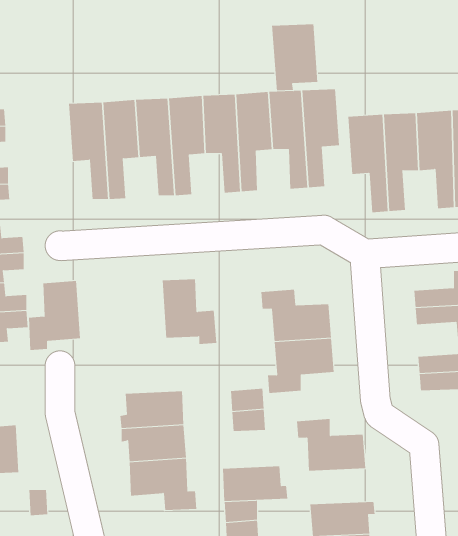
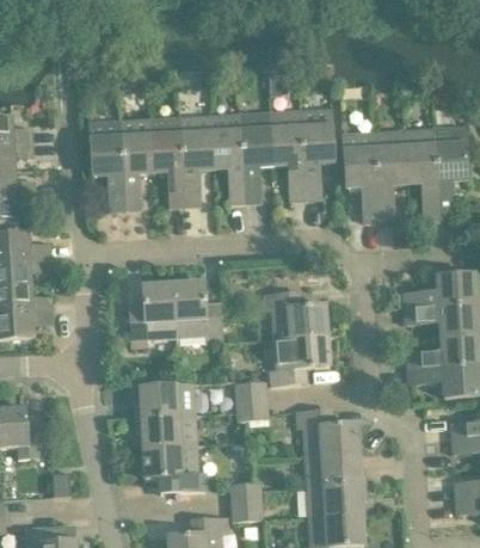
building: [272,23,318,91] -> none
building: [28,281,81,350] -> [128,283,176,346]
building: [222,466,288,501] -> [304,454,364,486]

